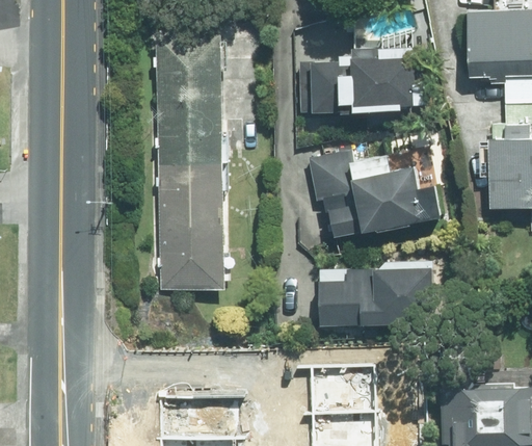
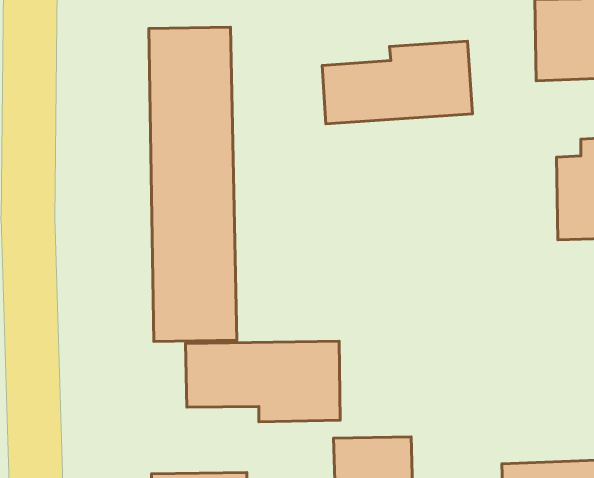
building: [310,150,446,238] -> none
building: [321,263,434,325] -> none
building: none -> [186,341,340,422]

